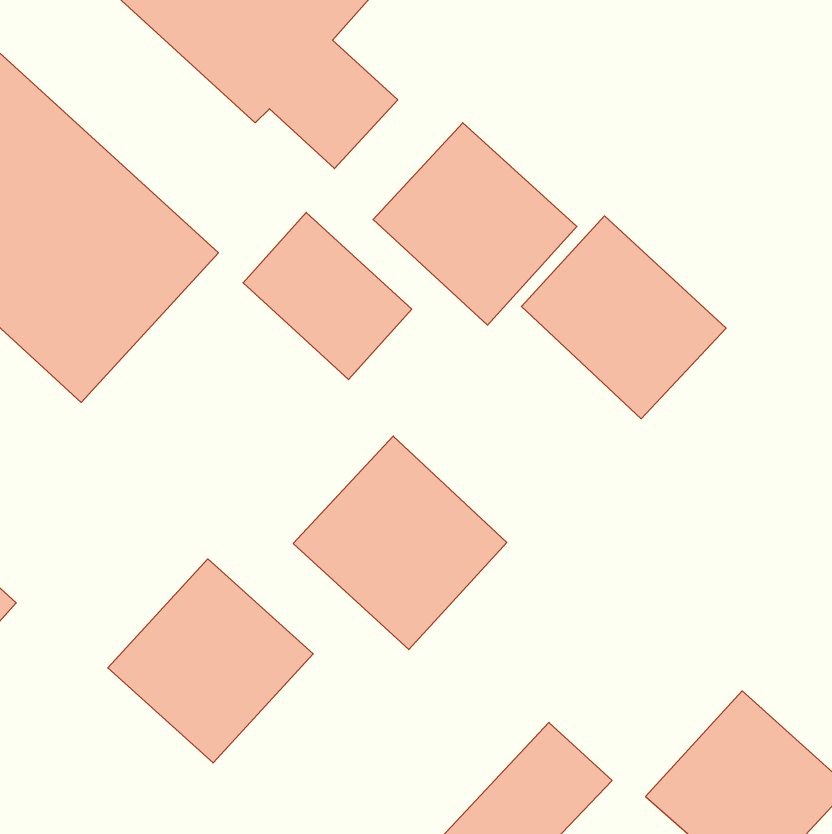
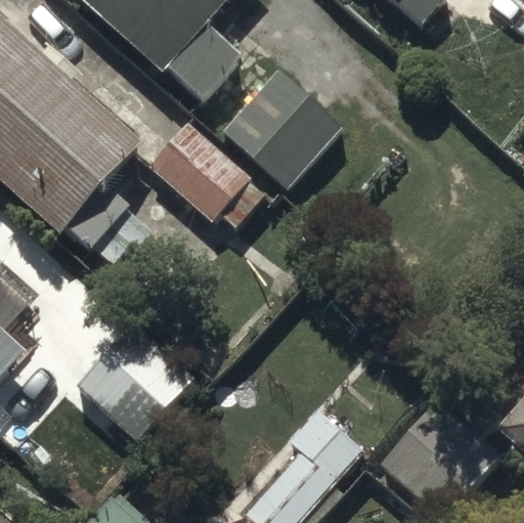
building: [521,216,726,419] -> none
building: [293,436,507,650] -> none

